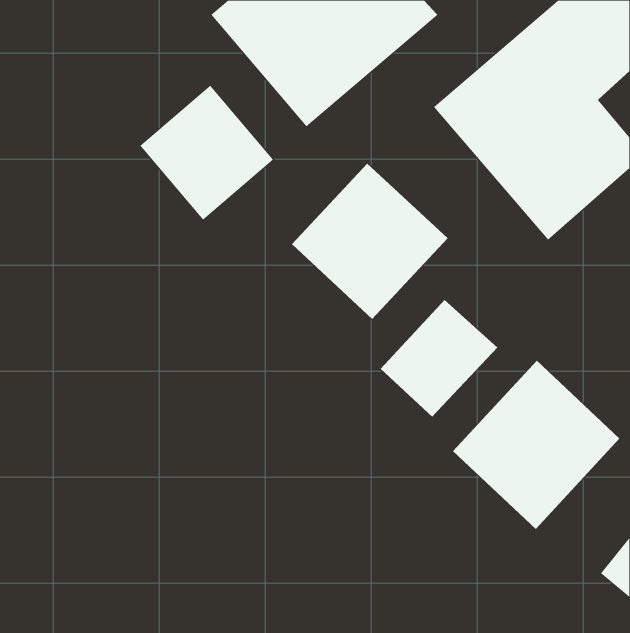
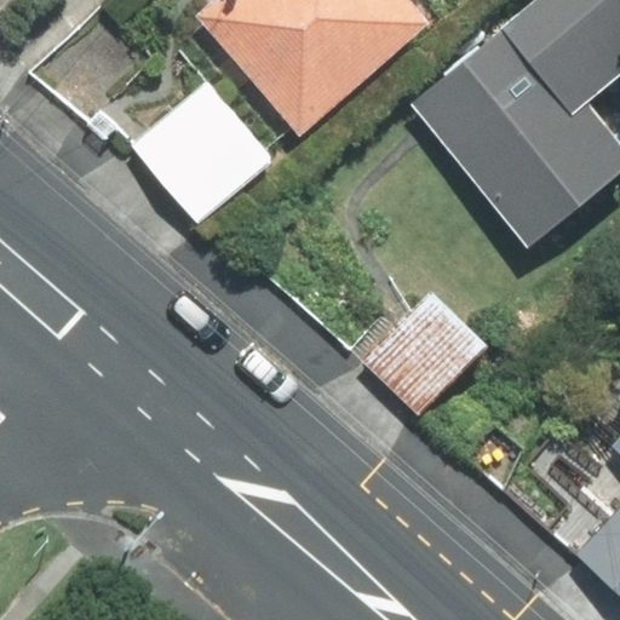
building: [291,163,448,320] -> none
building: [452,360,620,530] -> none

